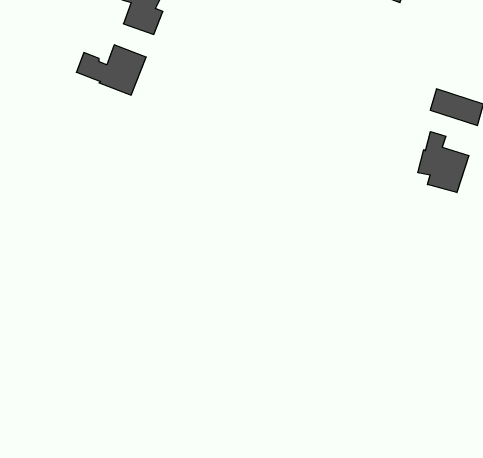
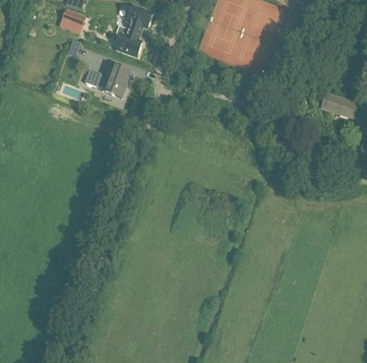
building: [418,132,469,193] -> none

